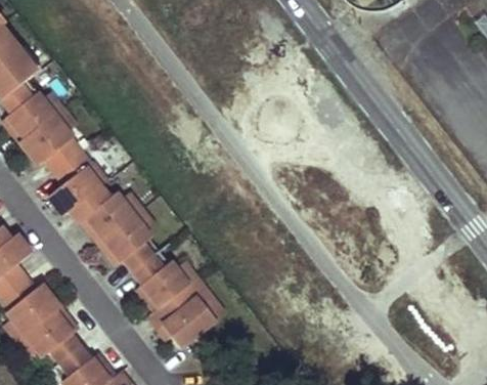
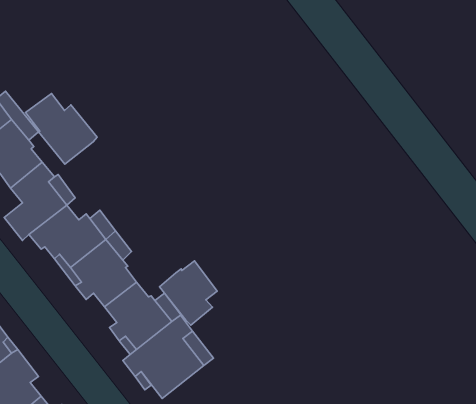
building: none -> [25,94,97,164]
building: none -> [159,261,217,325]

